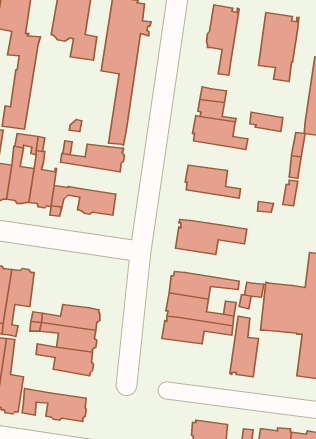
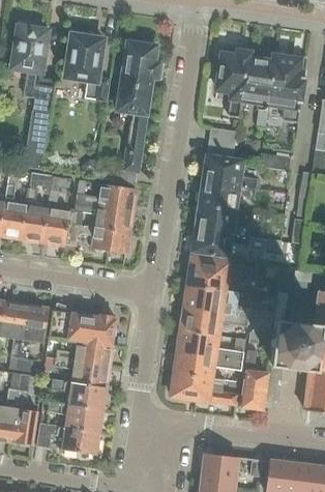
building: none -> [240,52,274,125]
building: none -> [199,180,255,209]
building: none -> [68,201,132,232]
building: none -> [191,228,248,258]
building: none -> [183,285,250,317]
building: none -> [49,302,116,345]
building: none -> [170,373,238,404]
building: none -> [42,399,104,431]

